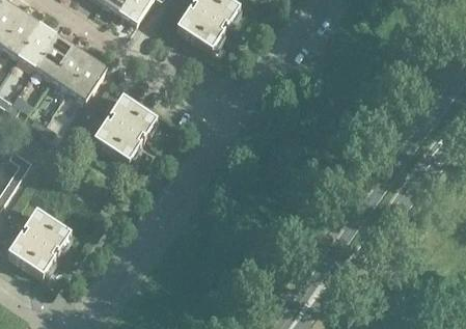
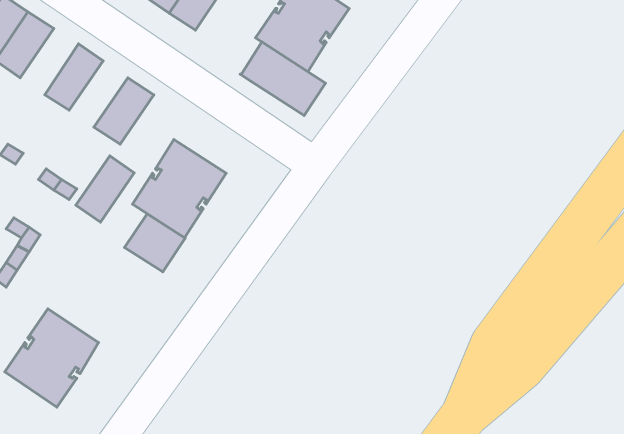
building: [17,21,56,65] -> none
building: none -> [240,42,326,116]
building: [50,43,89,87] -> [76,156,134,222]
building: none -> [125,214,185,272]

